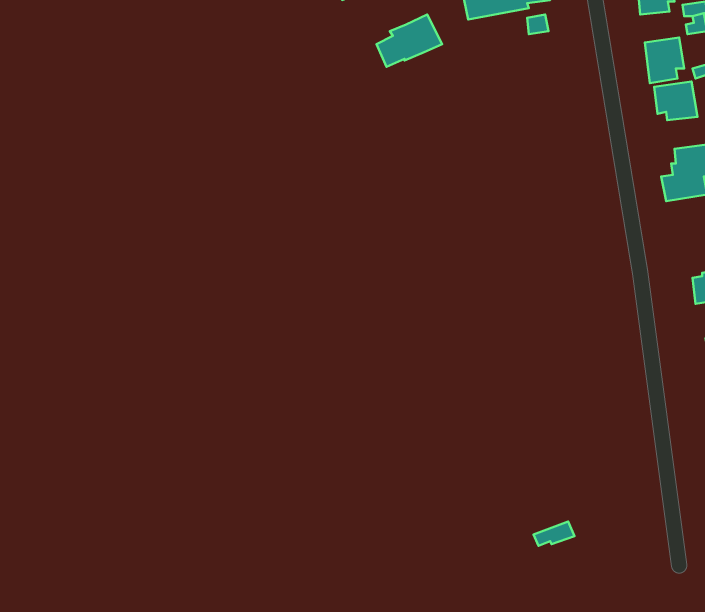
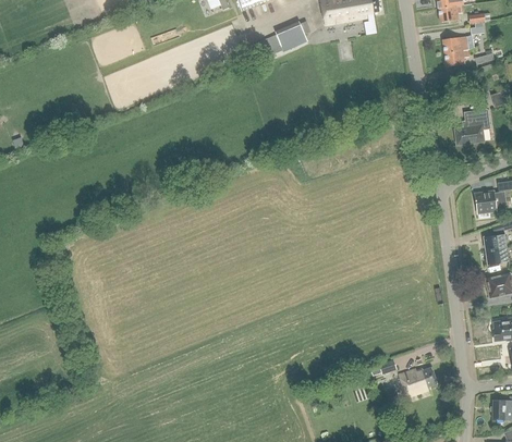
building: [654,81,698,120] -> none
building: none -> [399,367,438,397]

